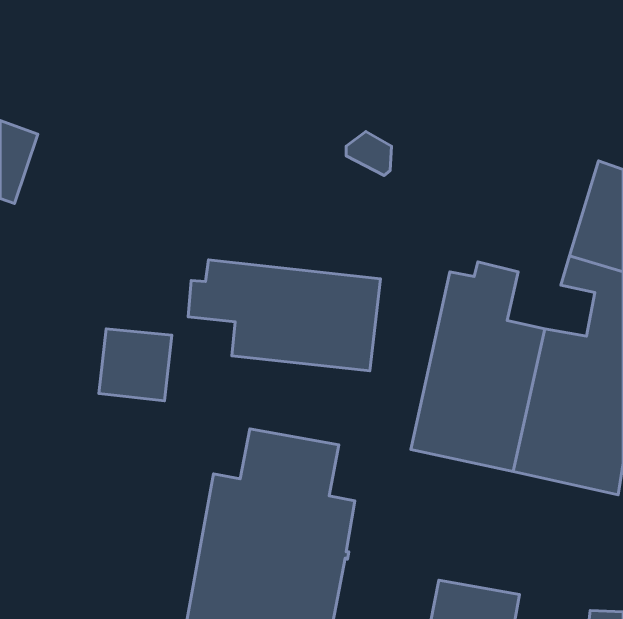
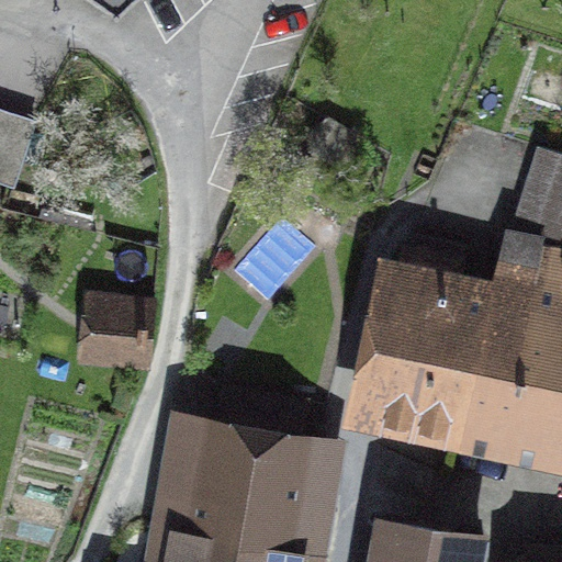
building: [188,260,380,371] -> none

